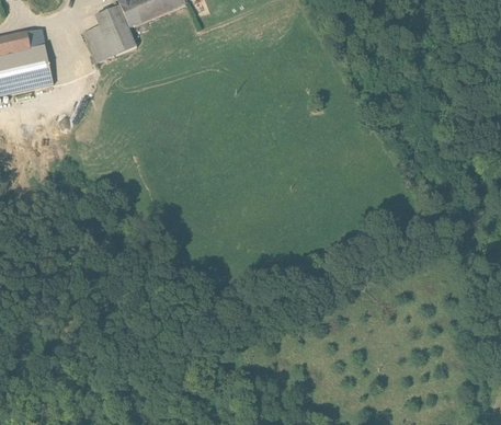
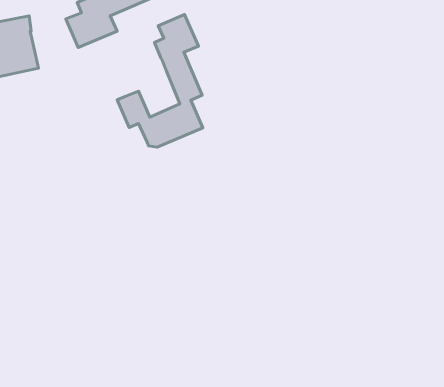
building: none -> [117,14,203,147]

